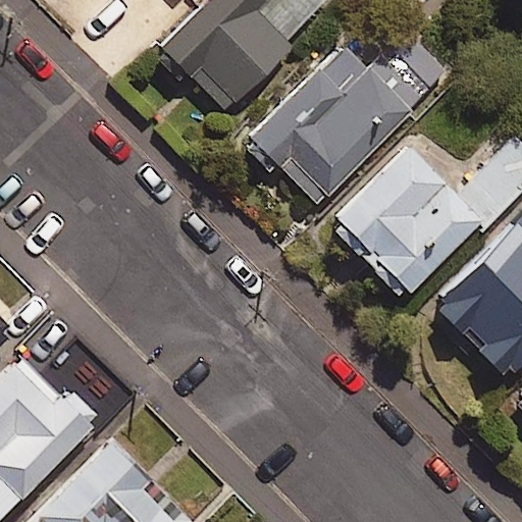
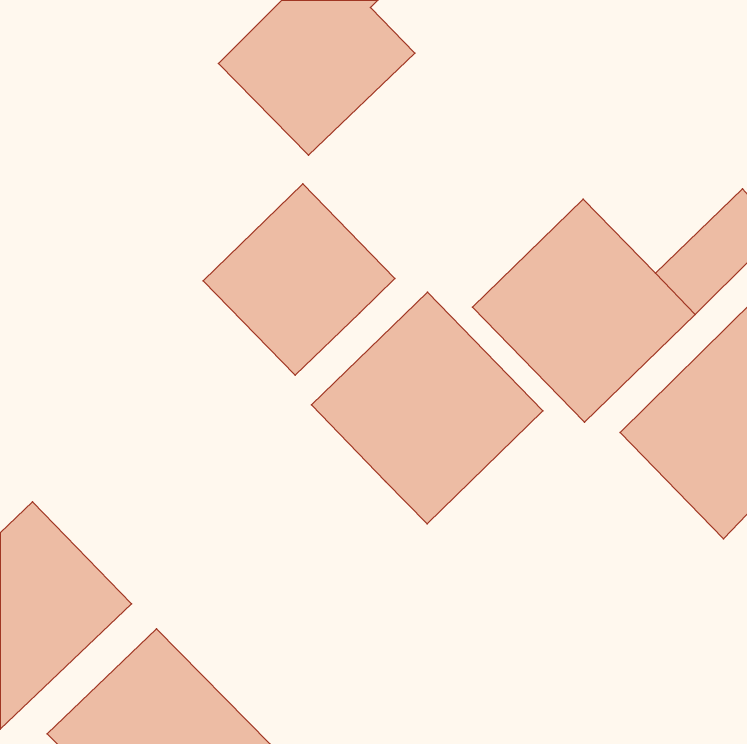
building: [240,34,452,215] -> none
building: none -> [203,184,395,375]
building: none -> [312,292,543,524]

